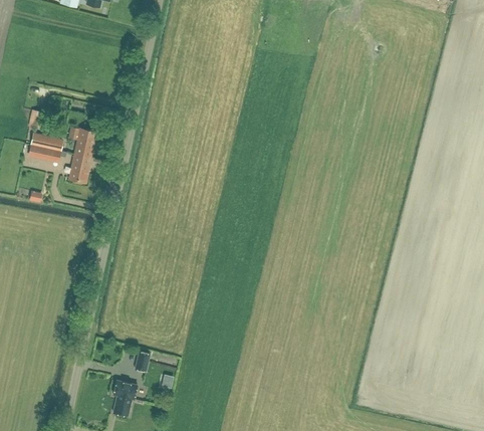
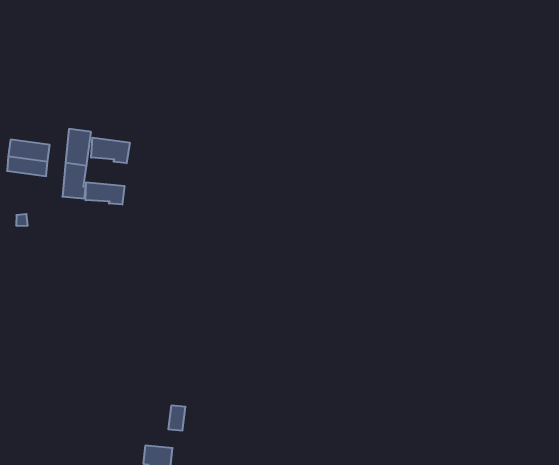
building: none -> [91,138,130,163]
building: none -> [86,182,124,205]

